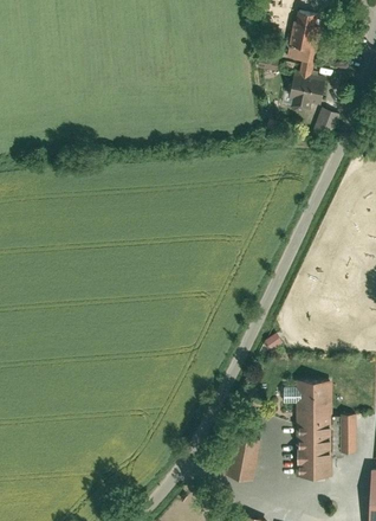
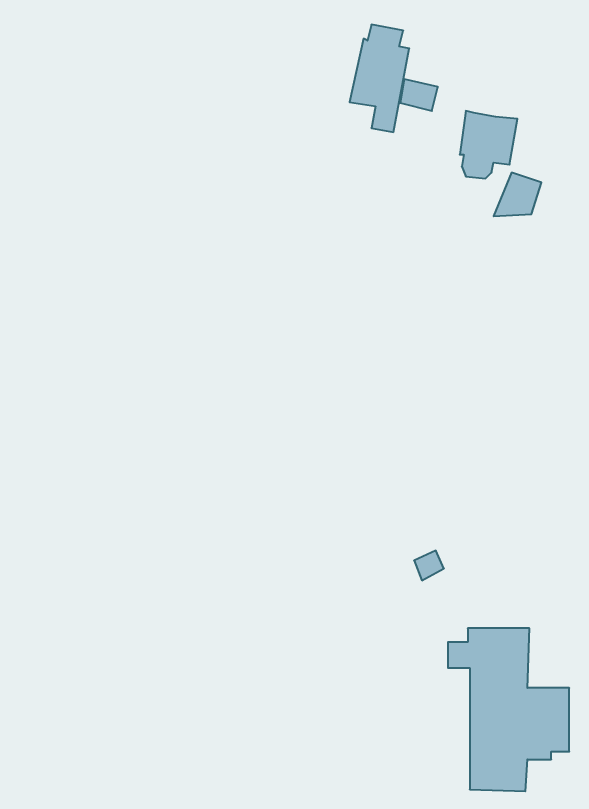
building: [286,12,322,76] -> [350,25,409,132]
building: [226,436,259,480] -> none

